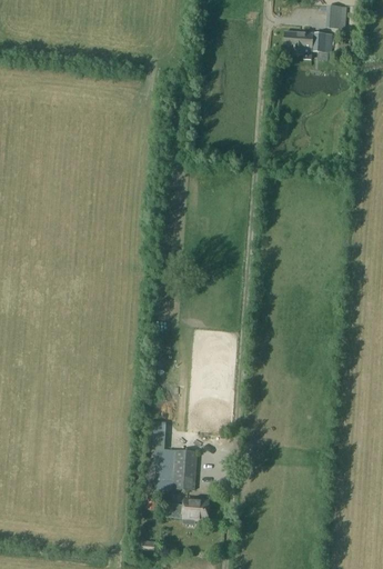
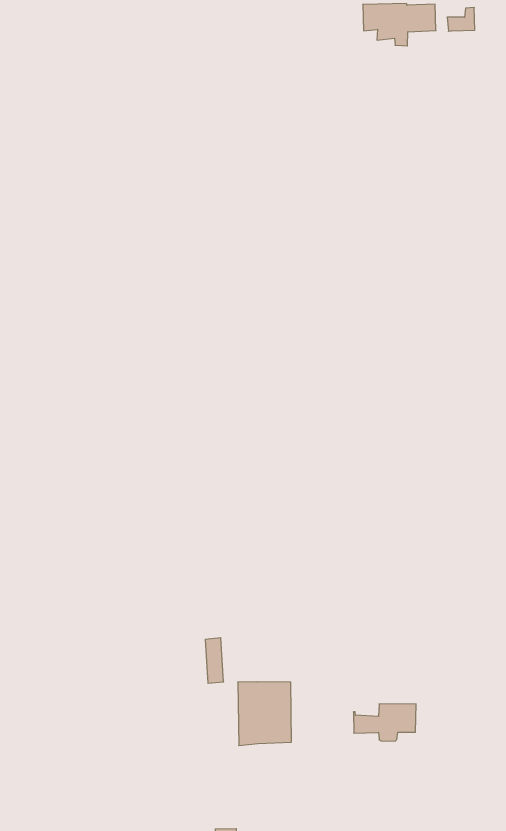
building: [167,499,208,523] -> [353,704,416,741]

